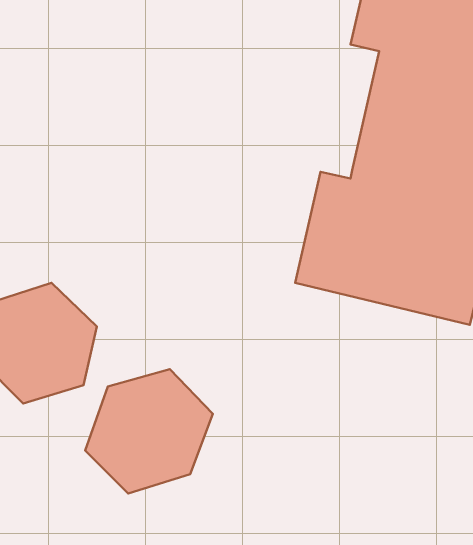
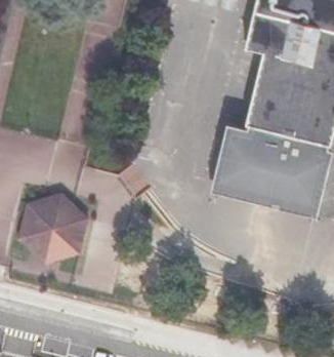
building: [85,369,213,493] -> none

